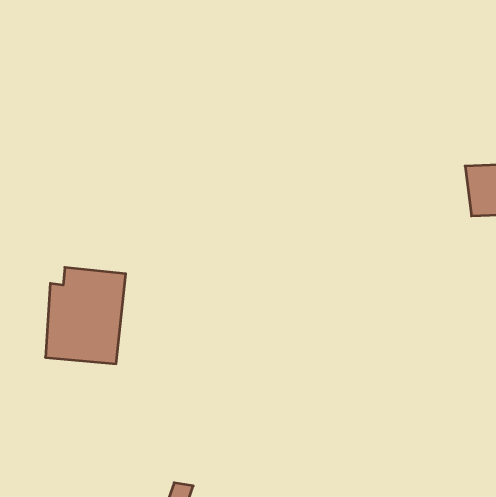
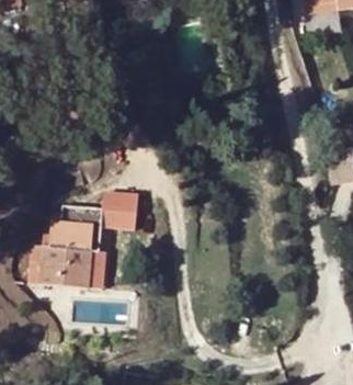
building: none -> [104,189,141,228]

